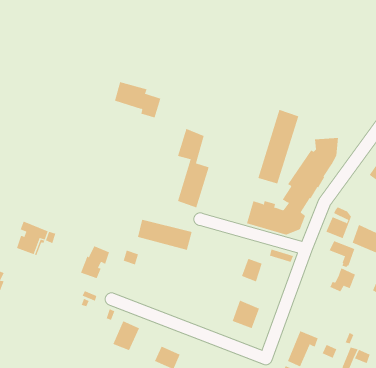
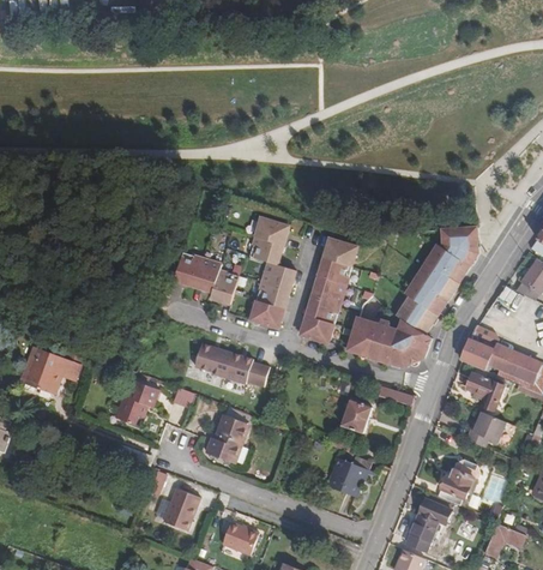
building: [114,81,161,118] -> [176,251,242,302]
building: [257,109,299,184] -> [300,236,358,342]
building: none -> [204,415,247,464]
building: none -> [439,468,471,504]

